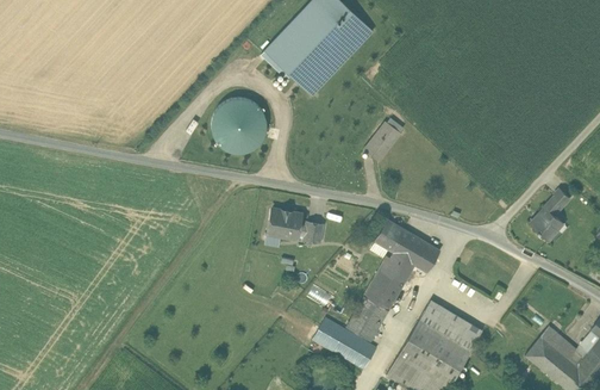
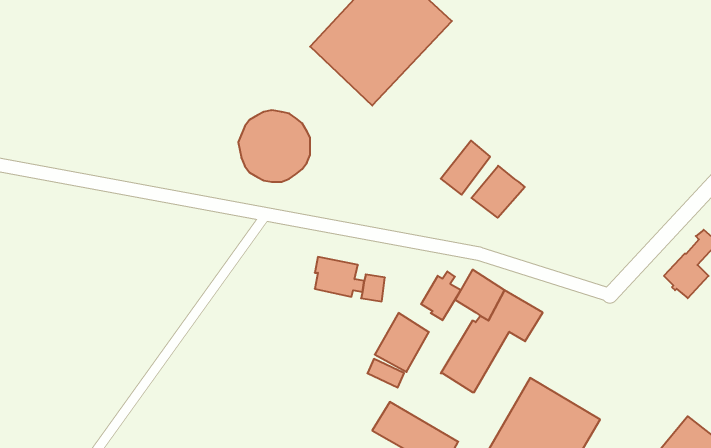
building: none -> [471,166,525,218]
building: none -> [421,271,461,320]
building: [346,295,387,339] -> [375,313,429,372]

